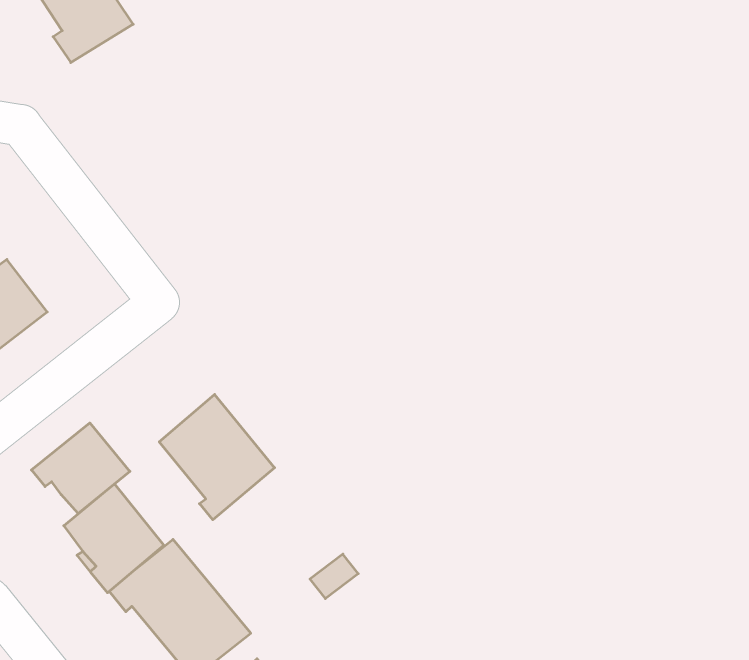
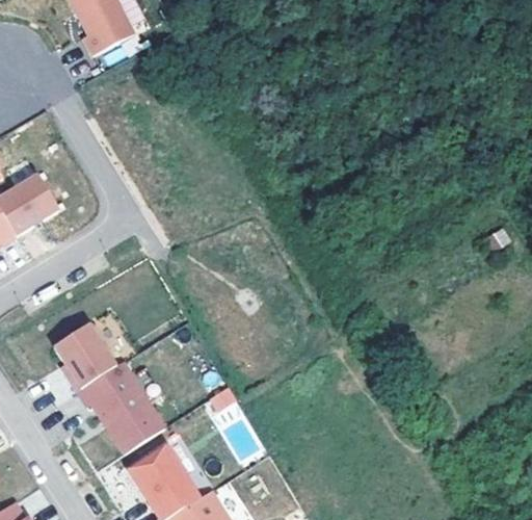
building: [159,394,275,520] -> none
building: [31,423,130,513] -> none

